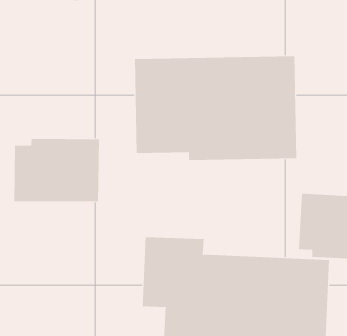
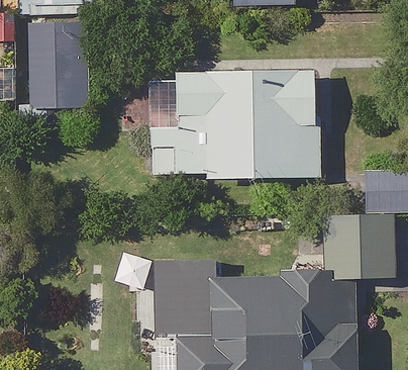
building: none -> [28,21,85,116]
building: [14,138,100,202] -> none

